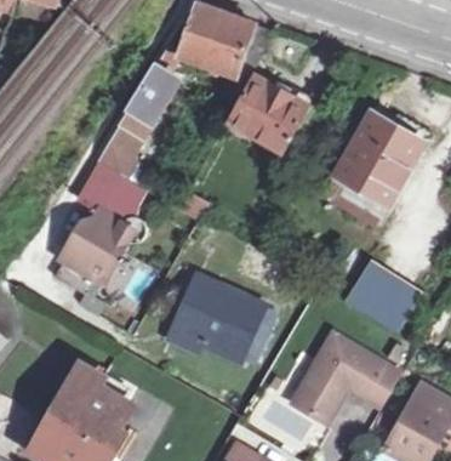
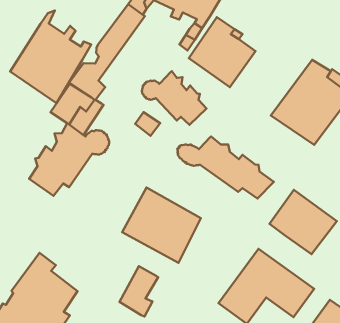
building: none -> [10,10,91,103]
building: none -> [142,71,206,125]
building: none -> [177,136,274,198]
building: none -> [119,266,158,317]

